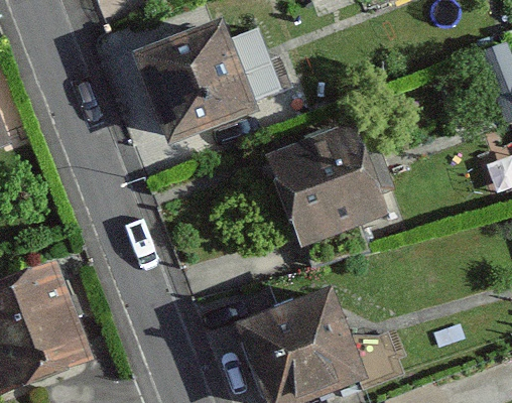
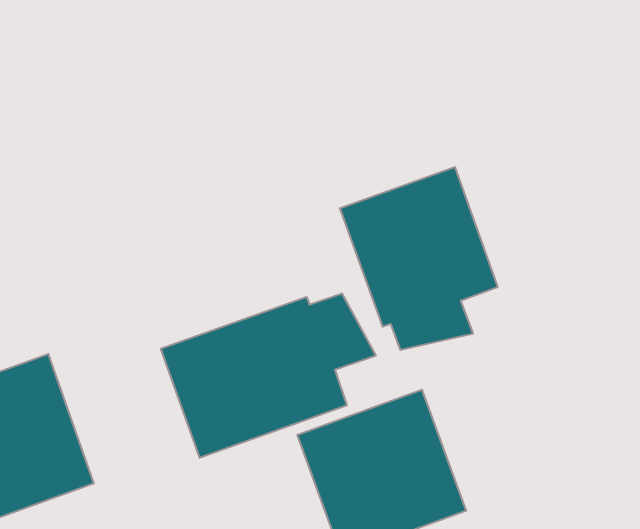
building: [134,22,253,141] -> none
building: none -> [161,293,376,458]

